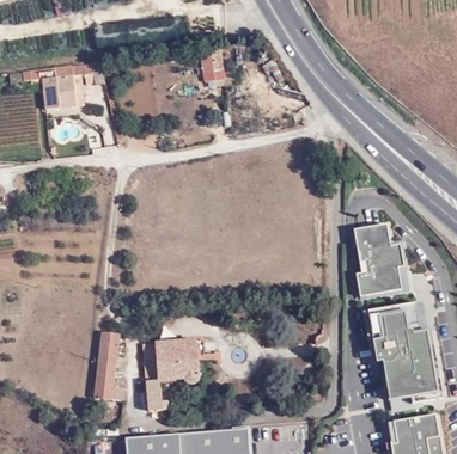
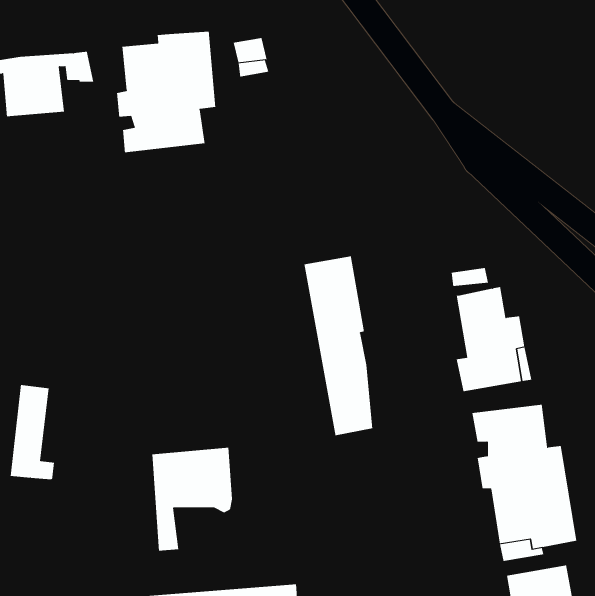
building: none -> [117,31,216,153]
building: none -> [304,256,373,436]
building: [97,327,128,393] -> [10,385,55,480]

